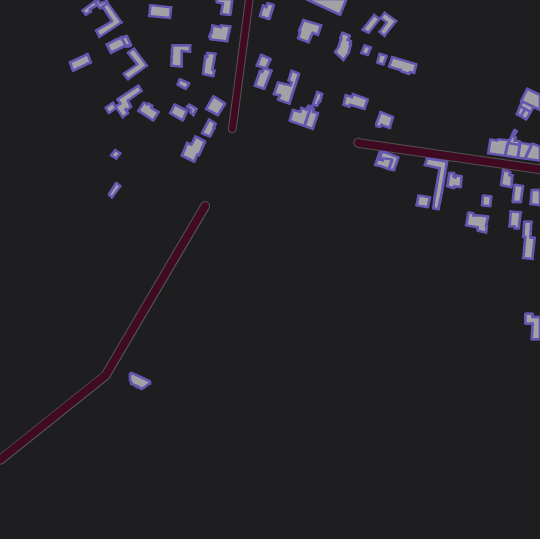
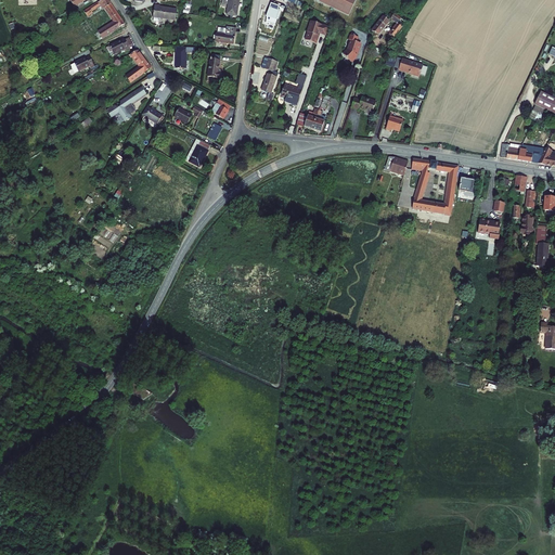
building: none -> [411,158,431,209]

